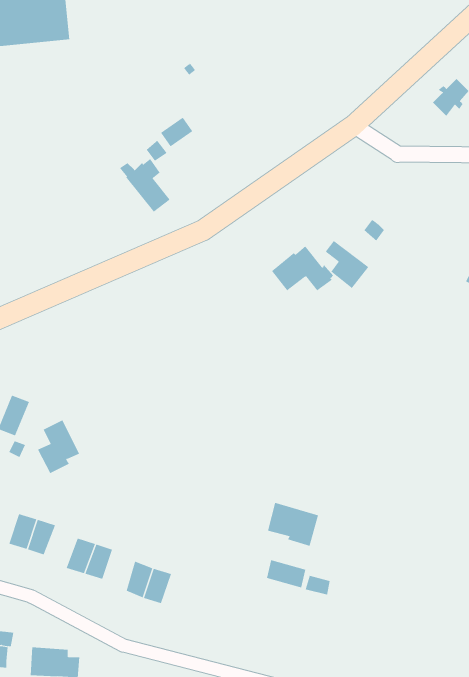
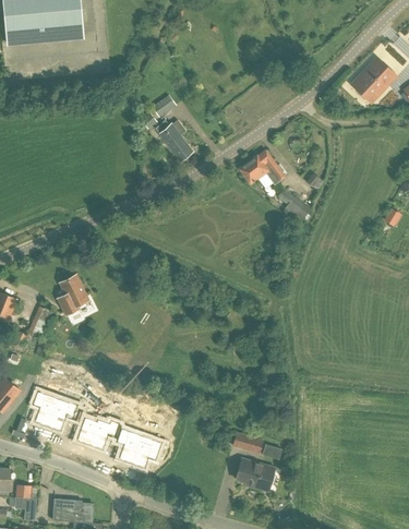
building: [119,158,171,213] -> [154,120,193,161]
building: [271,245,334,291] -> [239,149,287,184]
building: [37,419,80,474] -> [56,275,88,316]
building: [267,502,319,547] -> [236,458,275,492]

